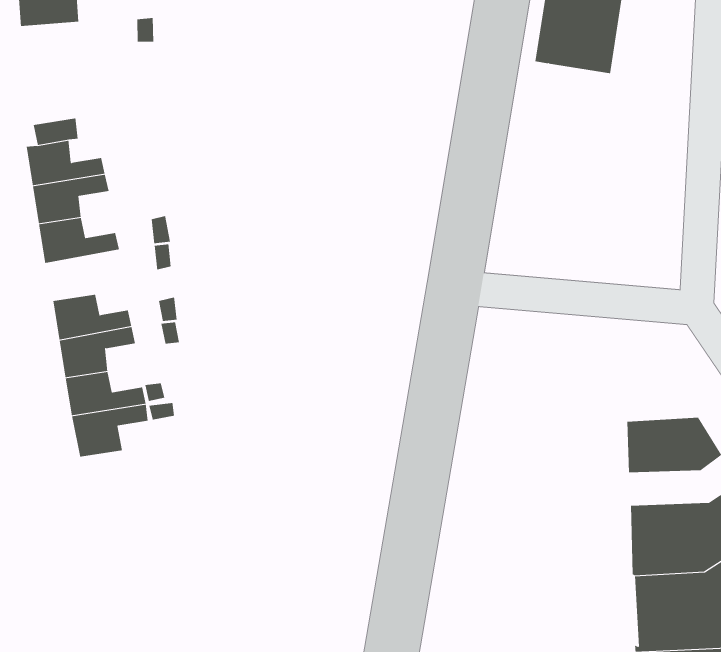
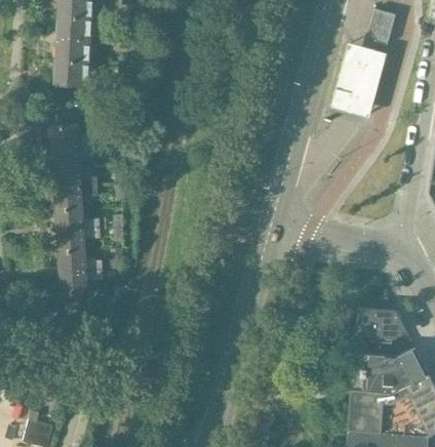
building: none -> [55,60,88,85]
building: none -> [55,186,96,209]

